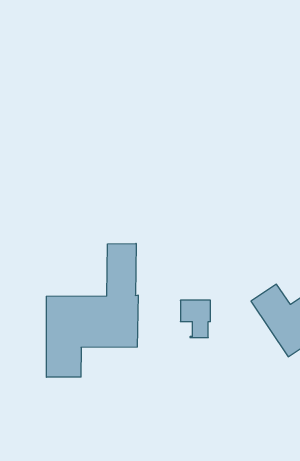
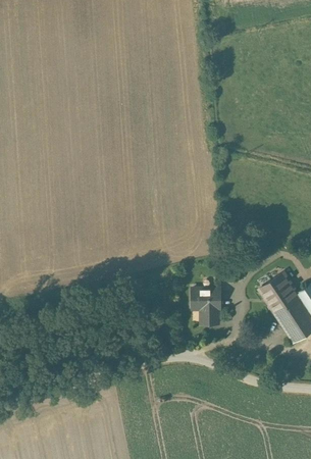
building: [46,243,138,377] -> none

